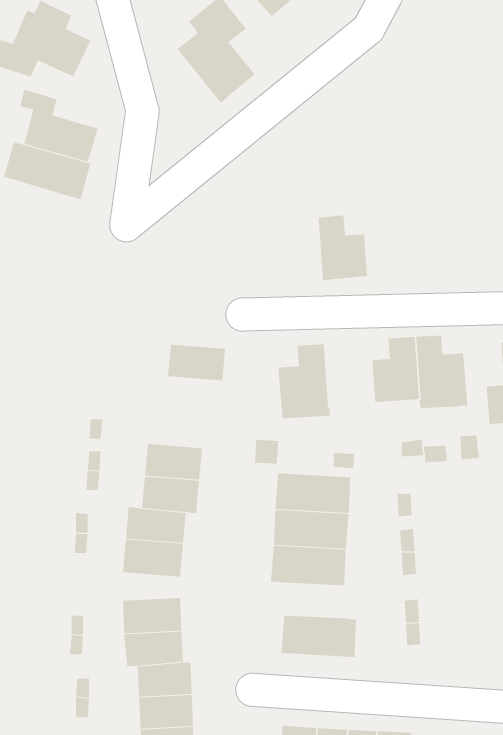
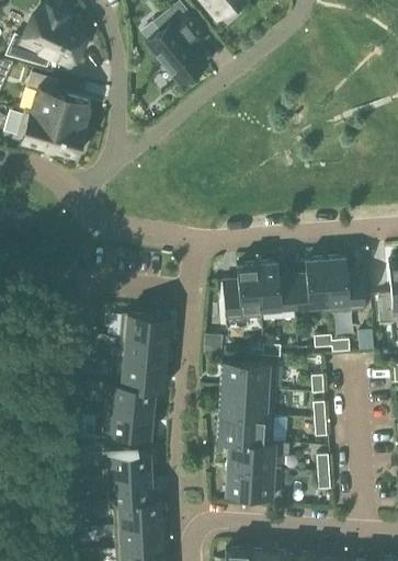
building: [318,215,368,281] -> [258,262,295,311]
building: [167,344,226,381] -> [125,314,169,342]
building: none -> [227,443,289,469]

